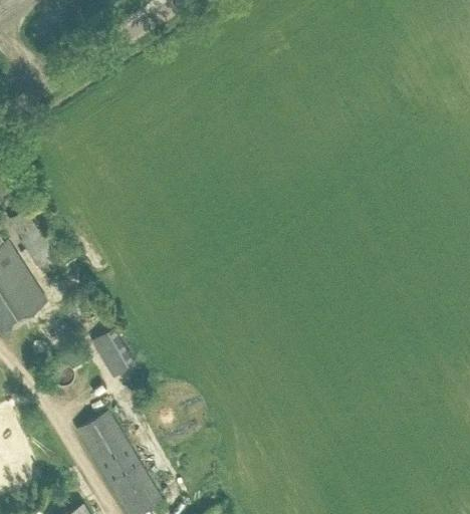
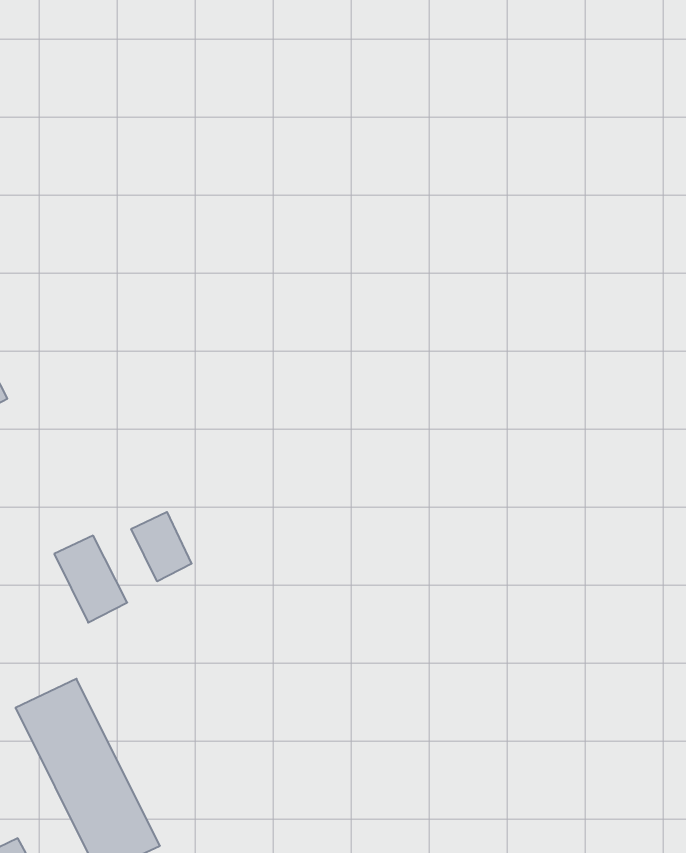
building: none -> [131,512,192,581]

